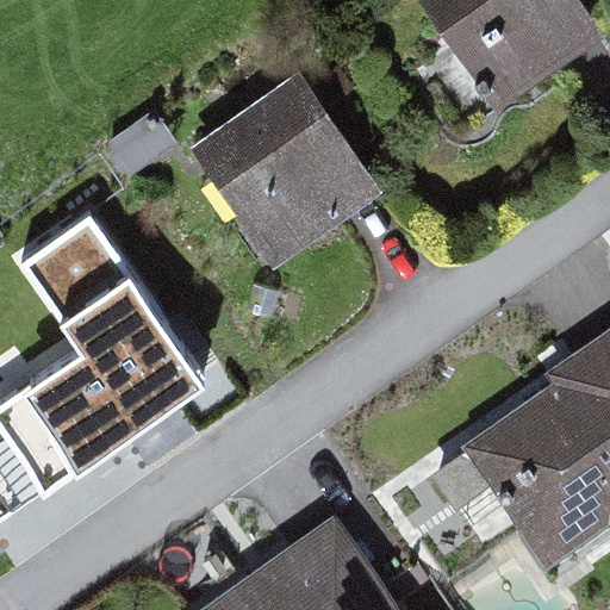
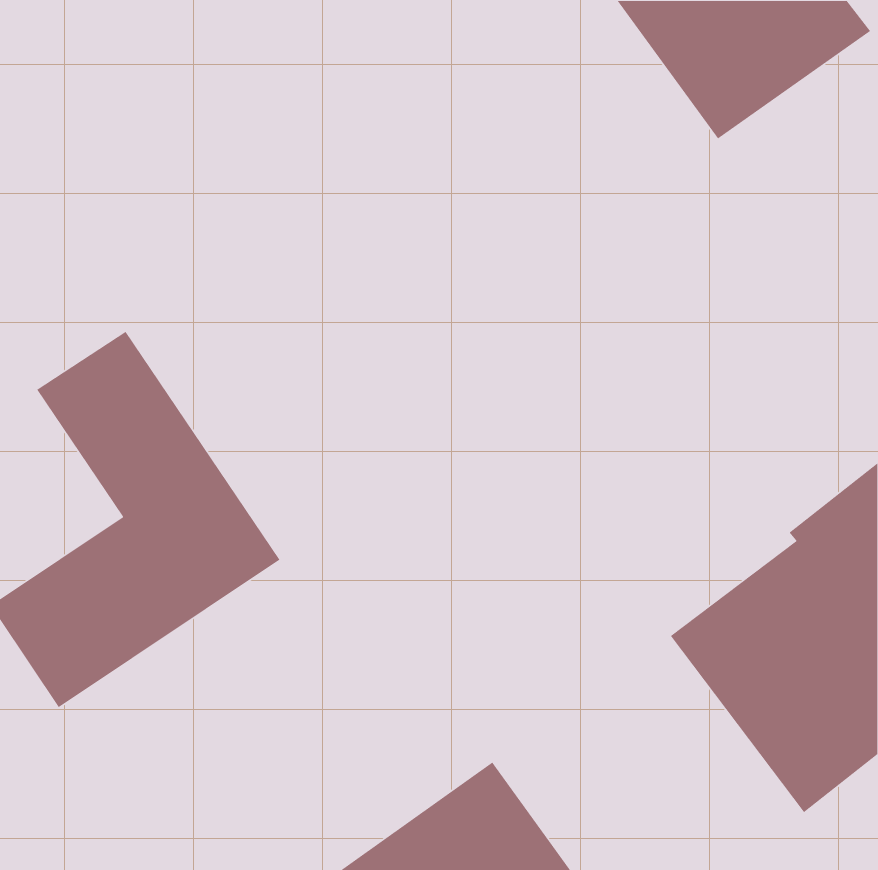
building: [189,68,382,262] -> none

